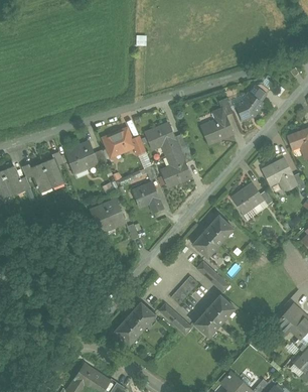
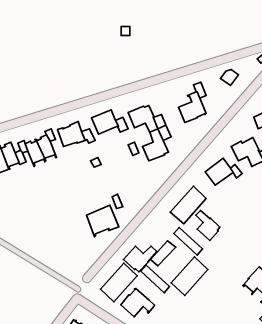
building: [236,94,262,120] -> none
building: [133,182,163,213] -> none
building: [90,199,126,234] -> [86,205,119,237]
building: none -> [196,211,220,240]
building: none -> [123,246,157,272]
building: none -> [121,288,154,317]

